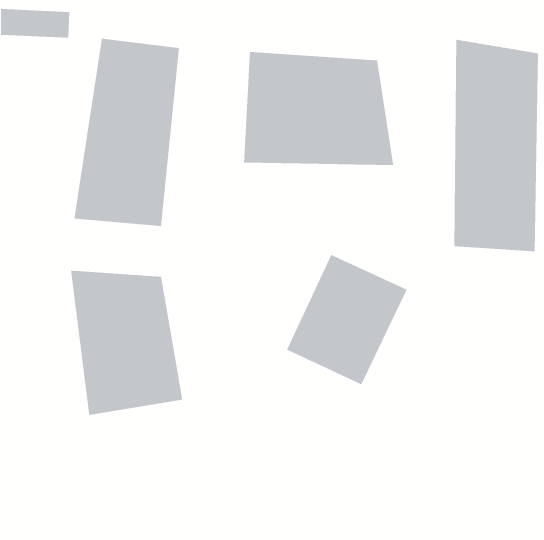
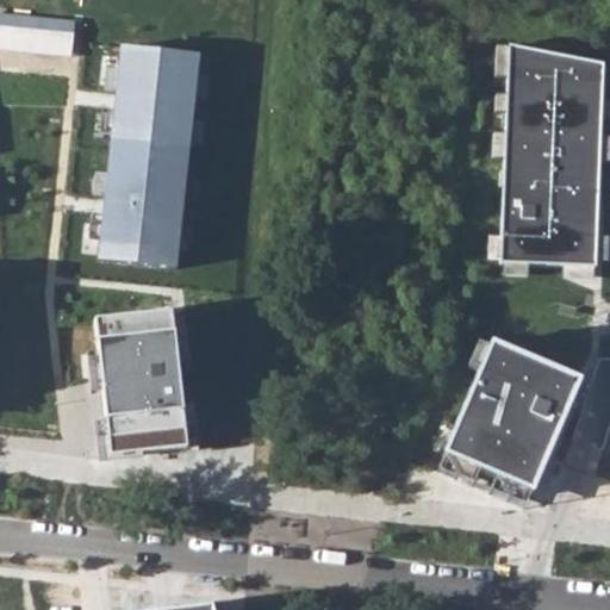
building: [244,51,394,166] -> none
building: [286,254,407,385] -> [448,338,584,485]

